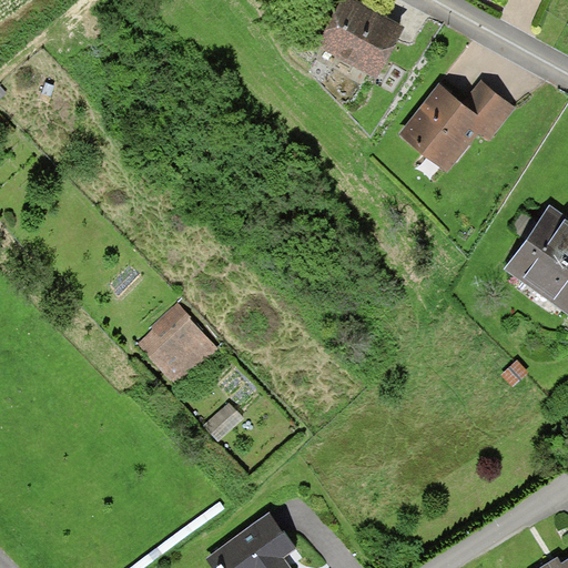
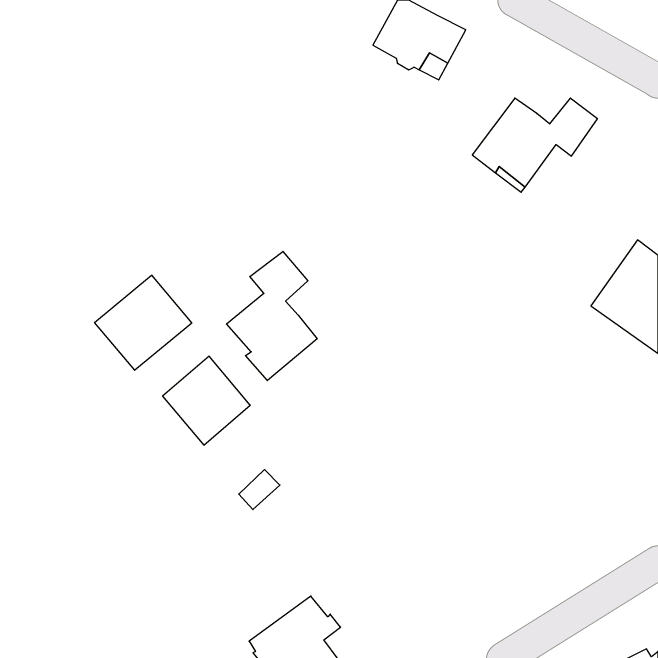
building: none -> [227,251,317,381]
building: none -> [95,275,192,370]

